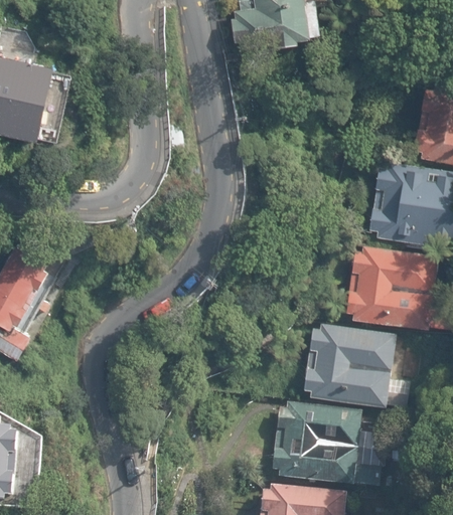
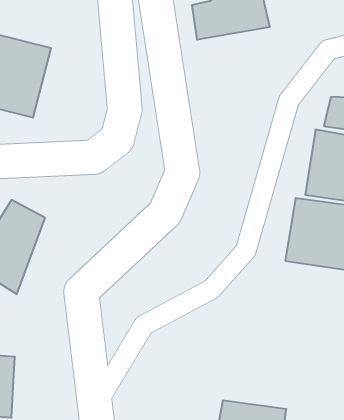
building: [302,320,392,403] -> none
building: [270,399,380,484] -> none

